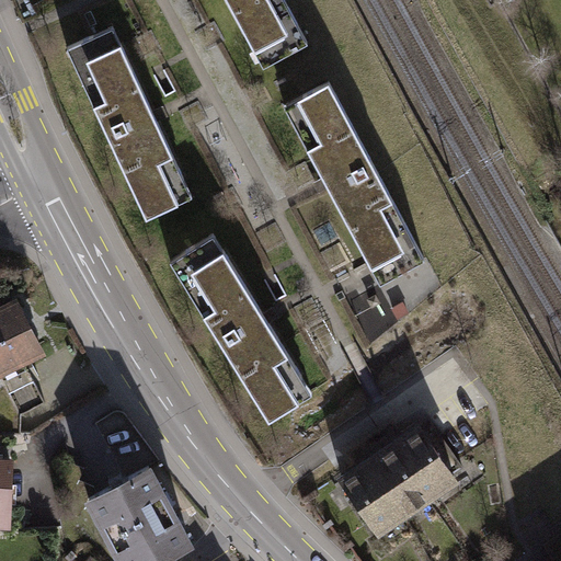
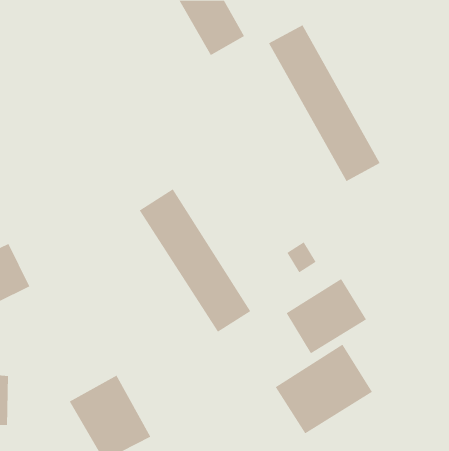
building: [70,36,186,217] -> none
building: [282,84,421,279] -> [268,24,381,182]
building: none -> [286,278,367,354]

